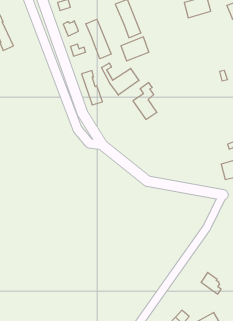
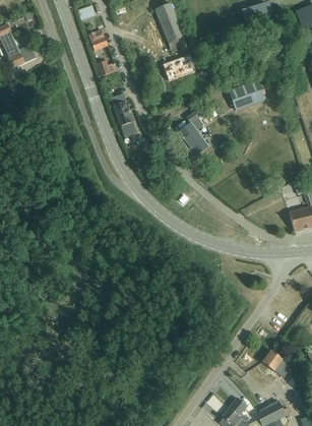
building: [86,19,111,59] -> none
building: none -> [230,80,265,110]
building: [102,63,139,95] -> none

